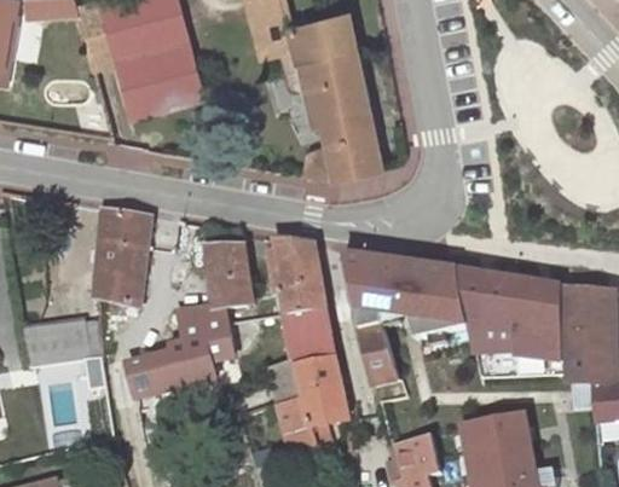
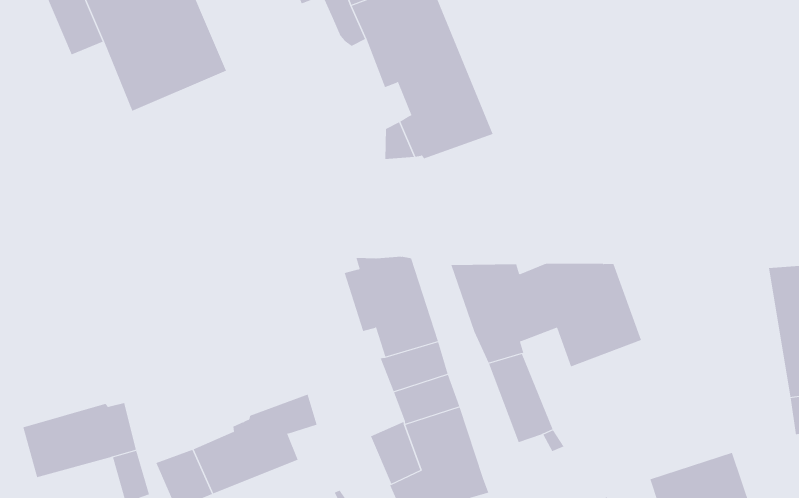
building: [102,208,150,307] -> none
building: [179,244,254,344] -> none
building: [458,269,561,359] -> none

